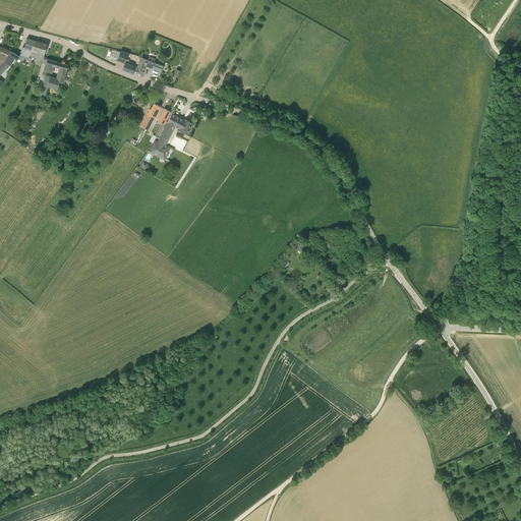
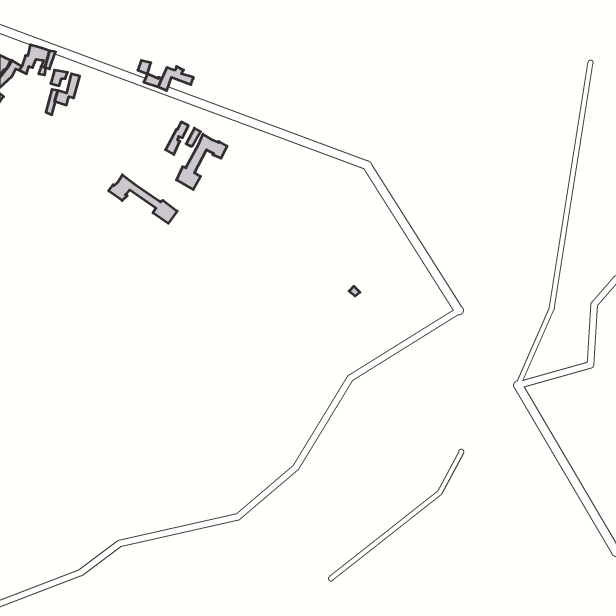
building: none -> [109,175,177,223]

